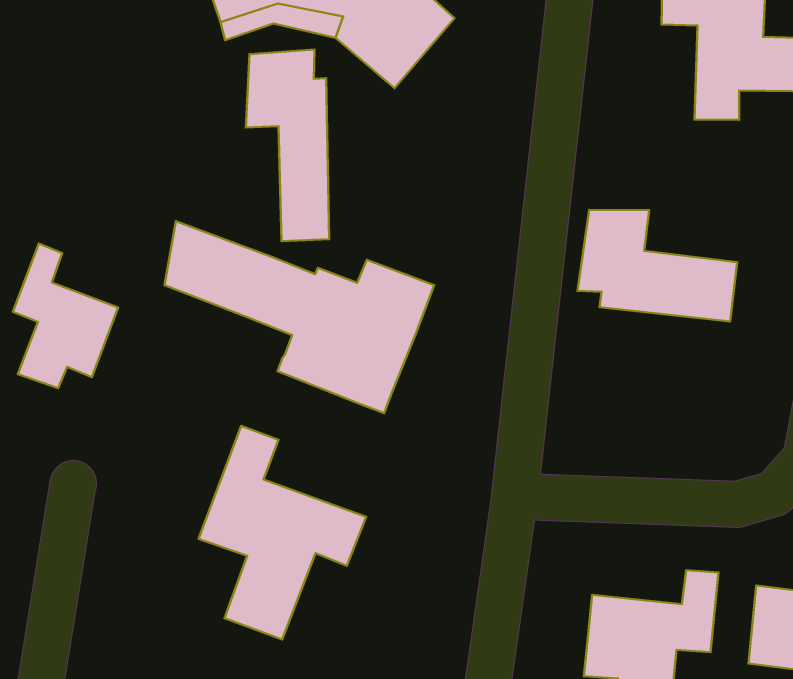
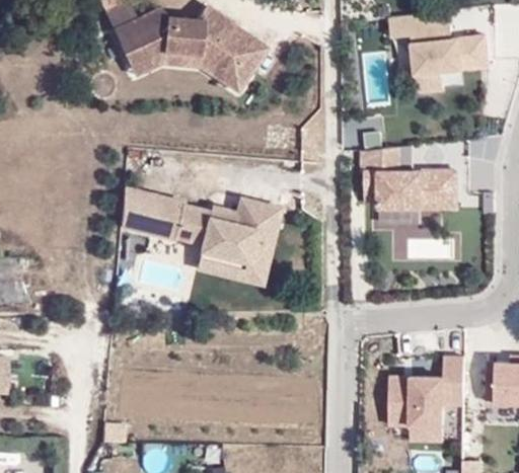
building: [246,49,329,241] -> none
building: [13,243,118,388] -> none
building: [199,426,366,640] -> none

